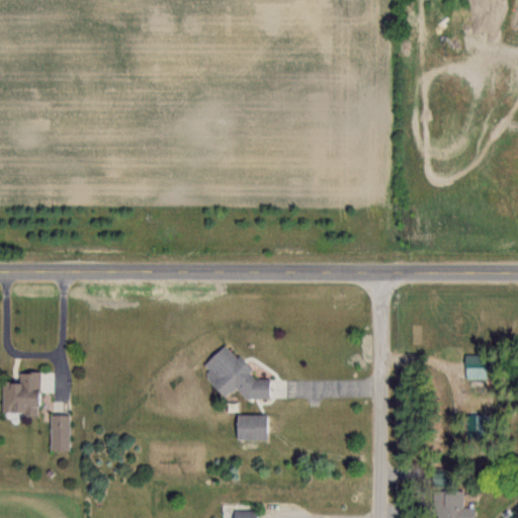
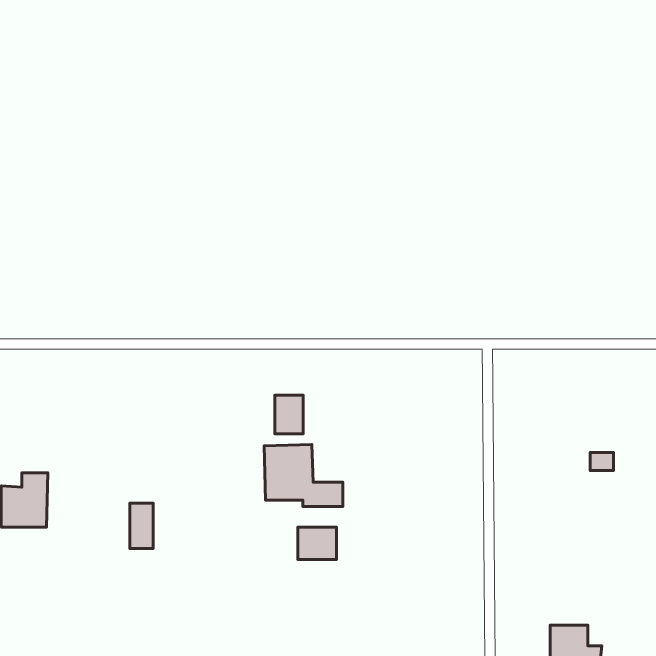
building: none -> [275,395,303,434]
building: [51,417,69,452] -> [130,503,153,548]

